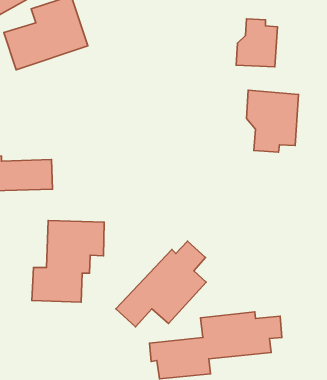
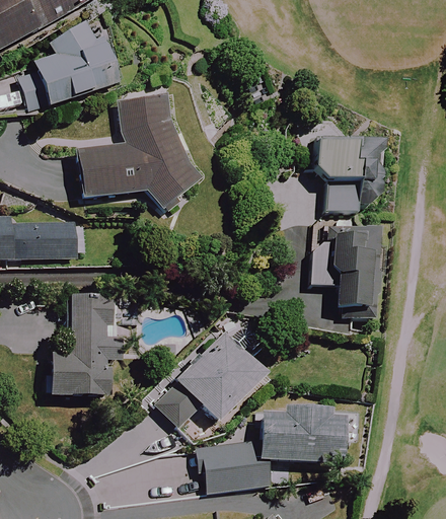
building: [236,19,277,67] -> none
building: none -> [75,95,202,207]
building: none -> [311,225,379,319]

